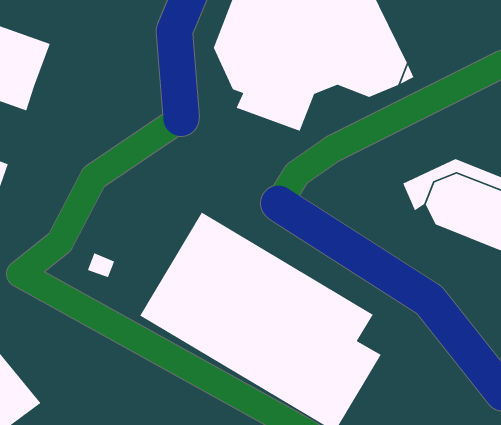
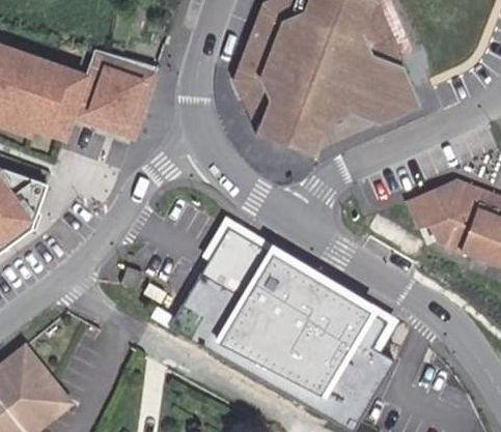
building: none -> [72,48,158,136]

